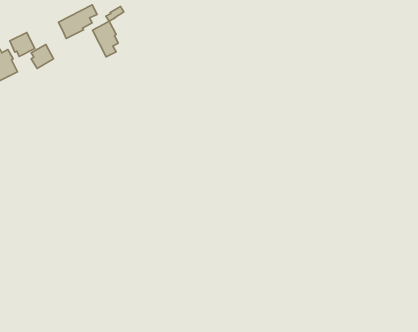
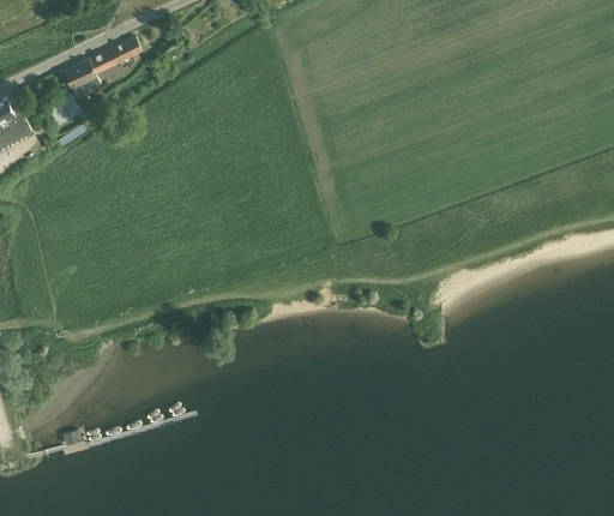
building: [93,21,118,57] -> none
building: [10,32,35,56] -> [65,61,100,95]

